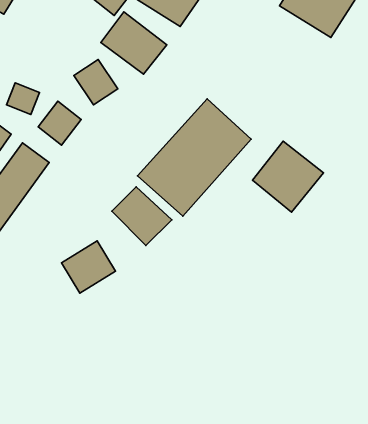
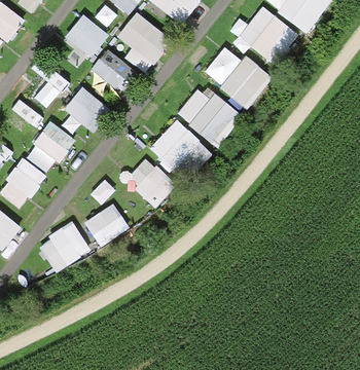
building: none -> [238,6,298,66]
building: none -> [65,15,108,57]
building: [252,141,323,212] -> [213,50,273,110]
building: none -> [37,222,92,273]

